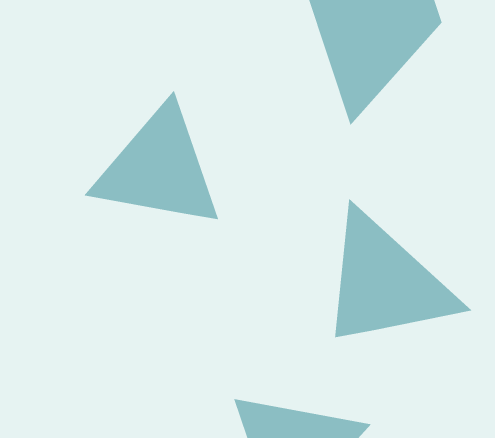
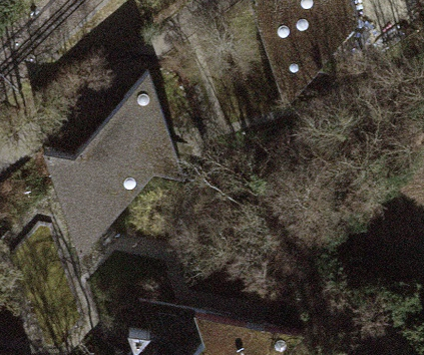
building: none -> [43,154,153,259]
building: [335,198,473,338] -> none

